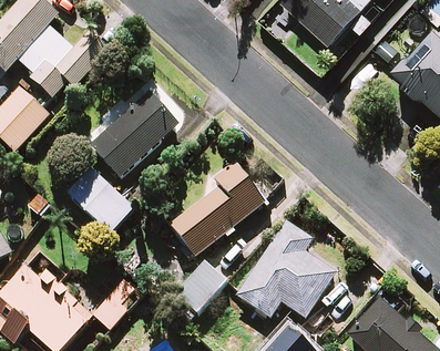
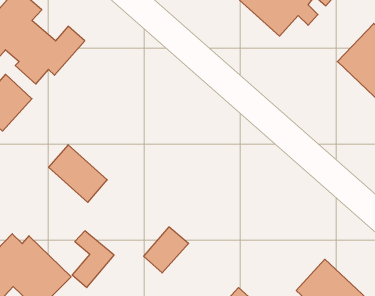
building: [91,91,177,176] -> none
building: [168,162,264,255] -> none
building: [235,220,335,316] -> none

